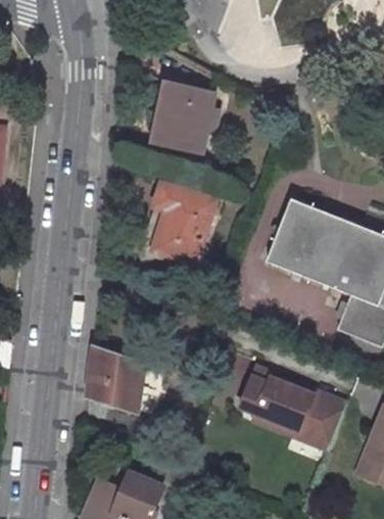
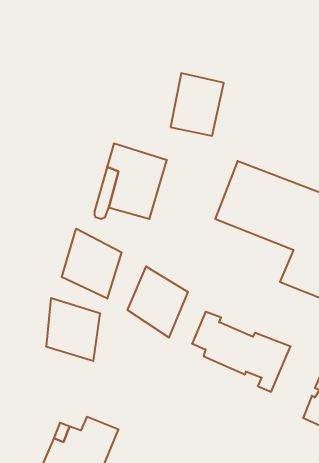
building: [154,83,210,149] -> [171,73,224,136]
building: none -> [62,229,121,299]
building: none -> [128,266,188,338]

